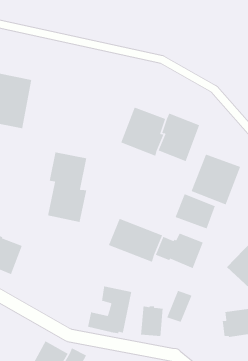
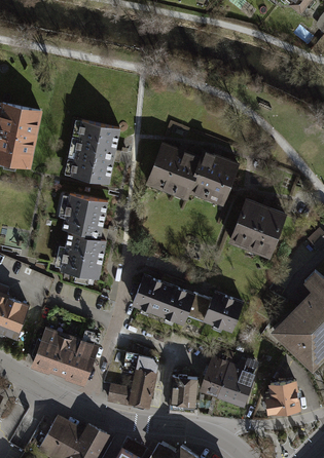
building: none -> [70,120,119,184]
building: [175,193,216,229] -> none
building: none -> [30,327,99,388]
building: none -> [217,362,256,407]

